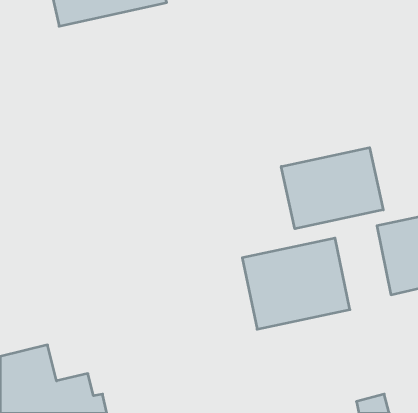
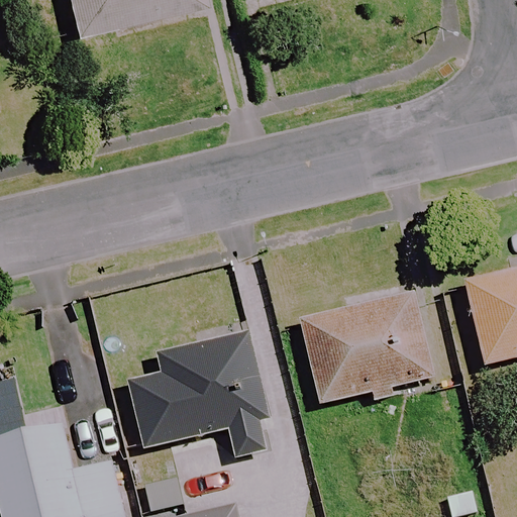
building: [281,148,383,229] -> none
building: none -> [129,332,272,460]

